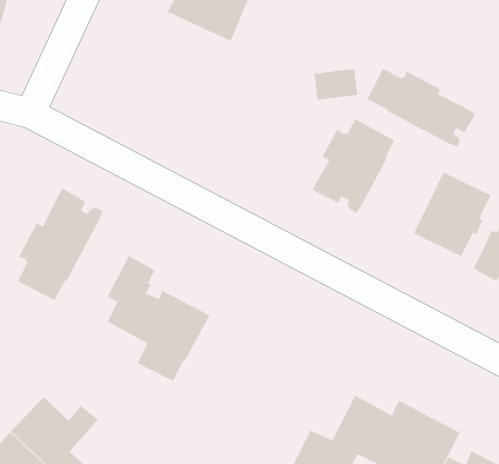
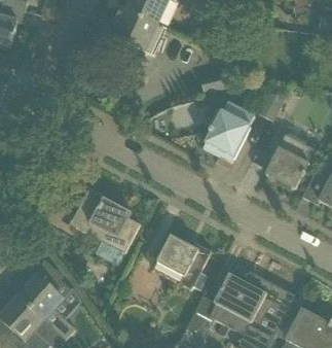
building: [367,68,476,148] -> none
building: [17,188,103,301] -> none
building: none -> [154,235,211,288]

